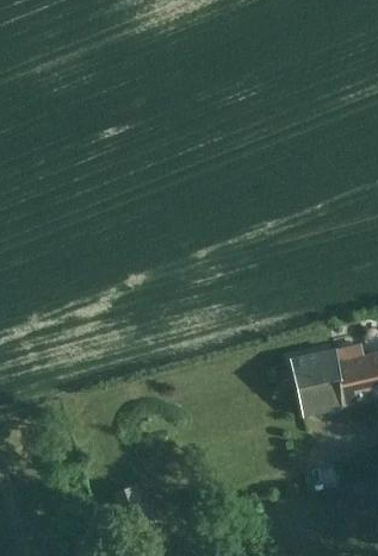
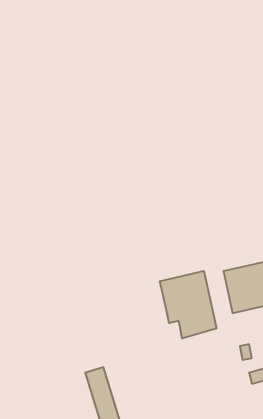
building: none -> [160,271,216,339]

